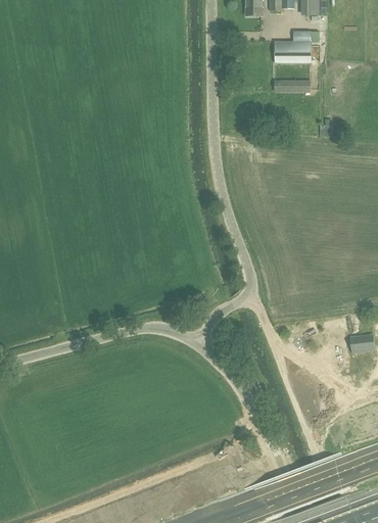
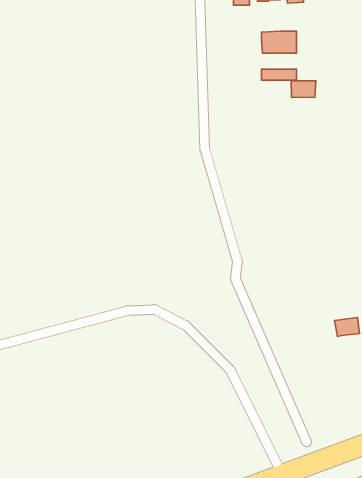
building: none -> [291,81,316,97]

